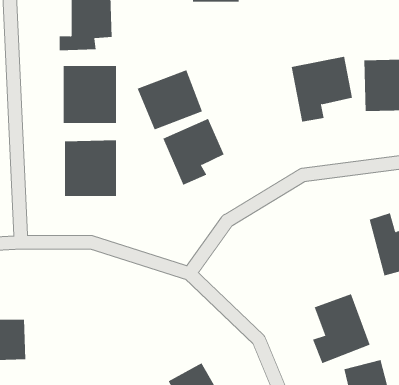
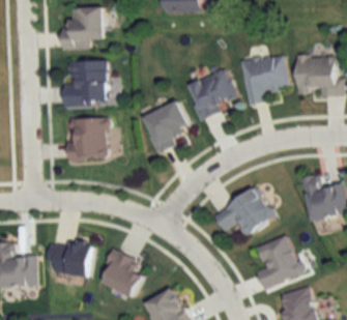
building: [137,70,203,130] -> [186,69,237,116]
building: none -> [211,188,273,237]
building: none -> [48,242,91,277]
building: none -> [98,250,141,295]

